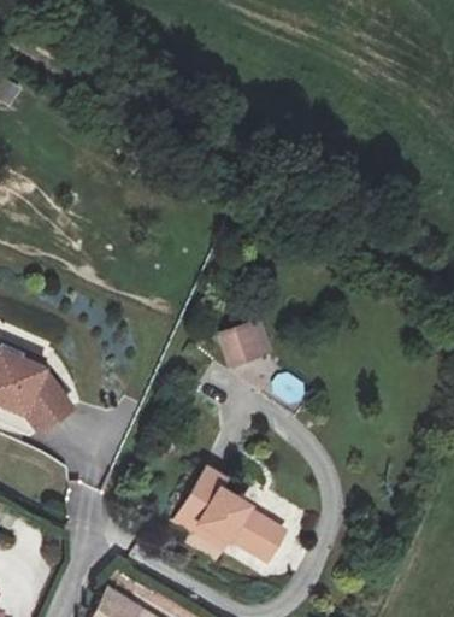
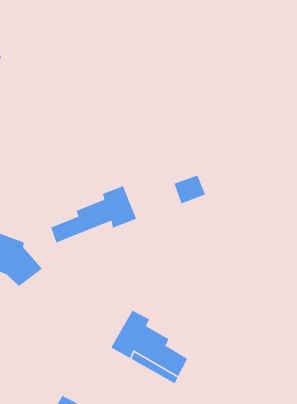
building: none -> [50,185,137,244]
building: [220,319,269,364] -> [173,174,206,204]

